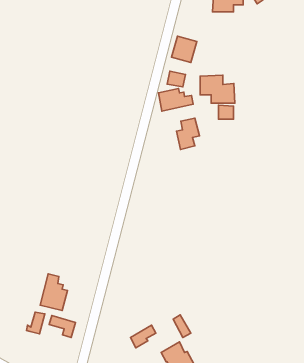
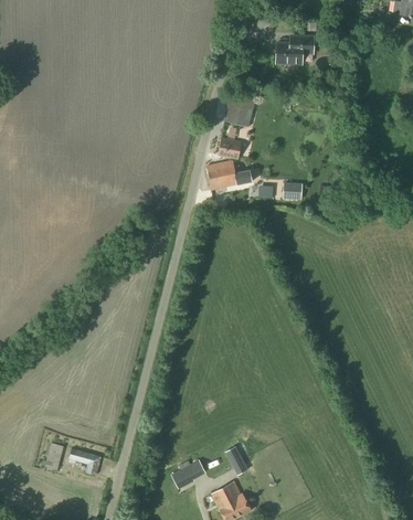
building: [200,75,235,103] -> none
building: [176,118,199,150] -> none
building: [40,274,67,310] -> none

